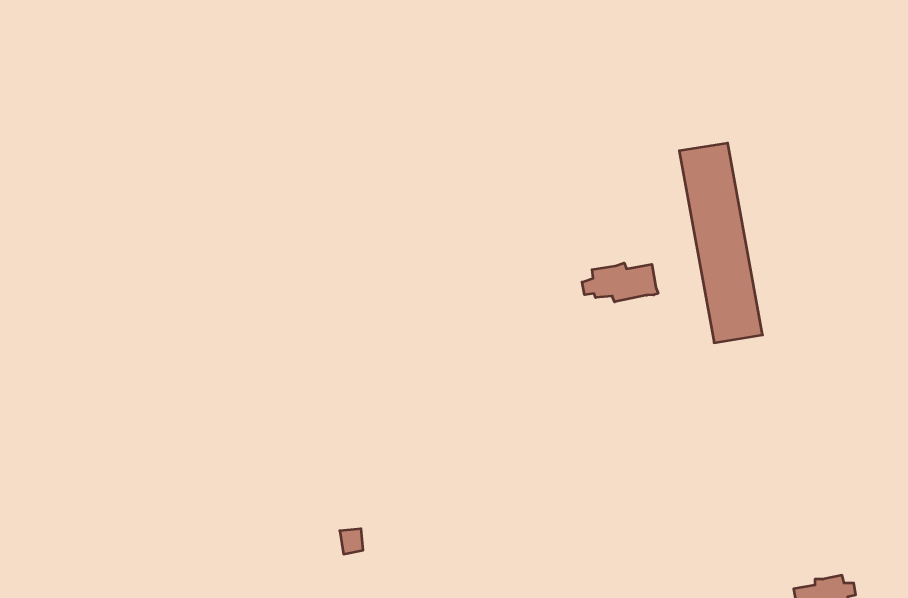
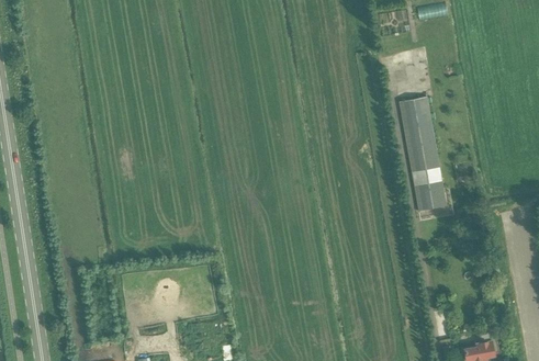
building: [582,263,658,302] -> none

